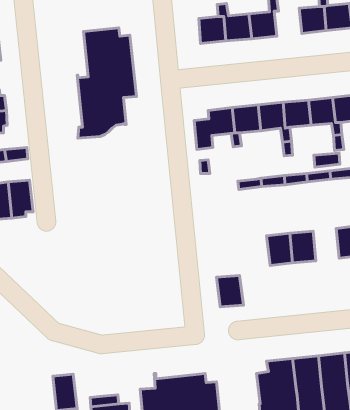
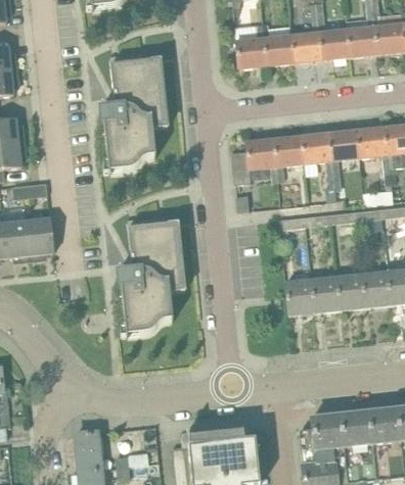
building: none -> [319,29,350,59]
building: none -> [120,213,185,335]
building: none -> [362,271,391,306]
building: [216,275,243,307] -> [285,279,315,313]

